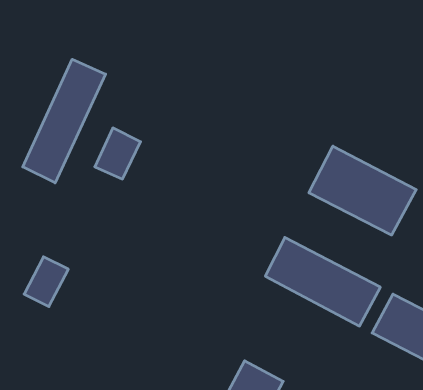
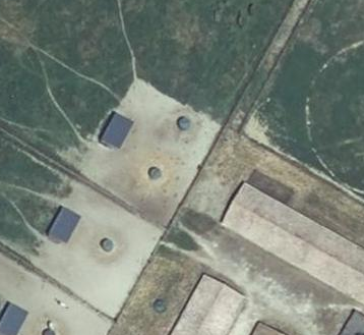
building: [23,59,106,183] -> none
building: [309,146,416,235] -> none

